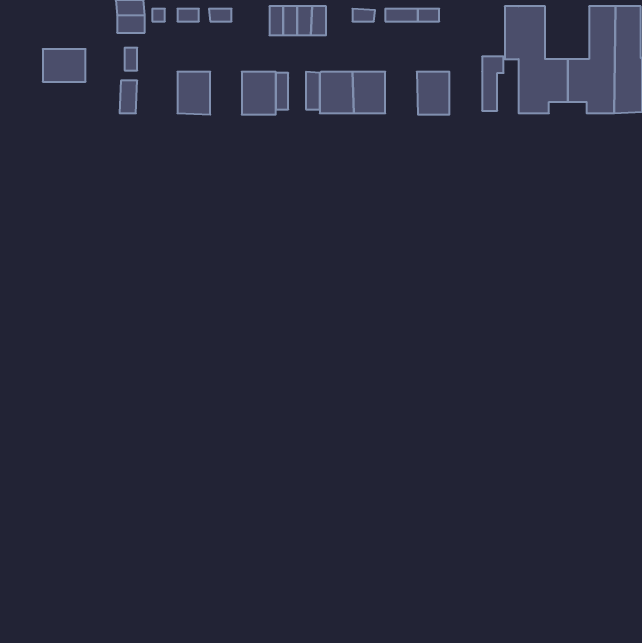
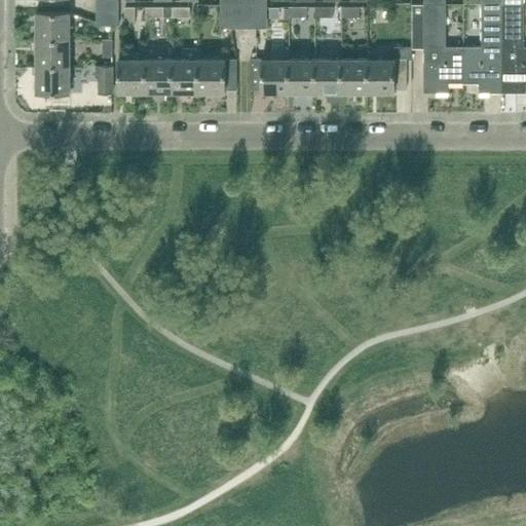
building: none -> [35,12,70,40]
building: none -> [172,48,197,93]
building: none -> [118,59,145,92]
building: none -> [314,59,341,93]
building: none -> [367,59,393,93]
building: none -> [35,67,70,92]

